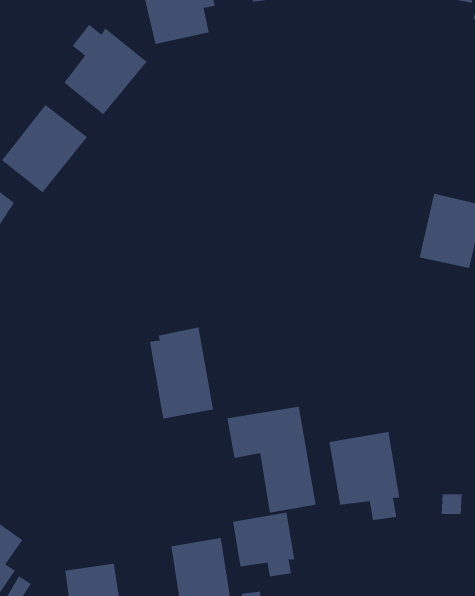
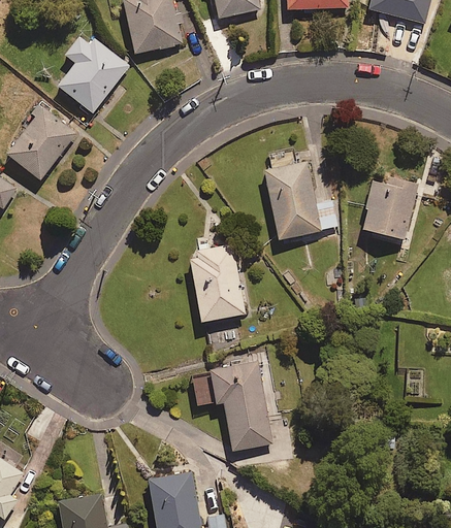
building: none -> [264,146,340,237]
building: [149,327,214,419] -> [190,242,245,321]
building: [329,431,400,521] -> none
building: [232,512,295,577] -> none

